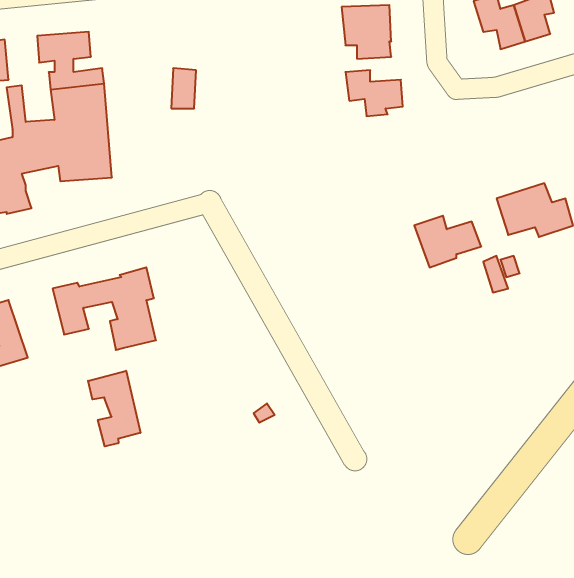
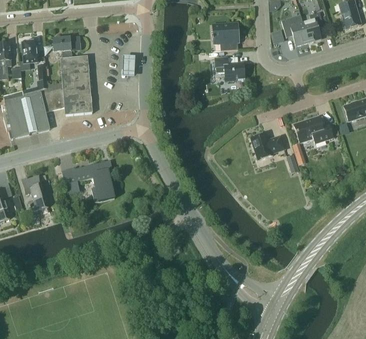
building: [88,371,140,446] -> none

